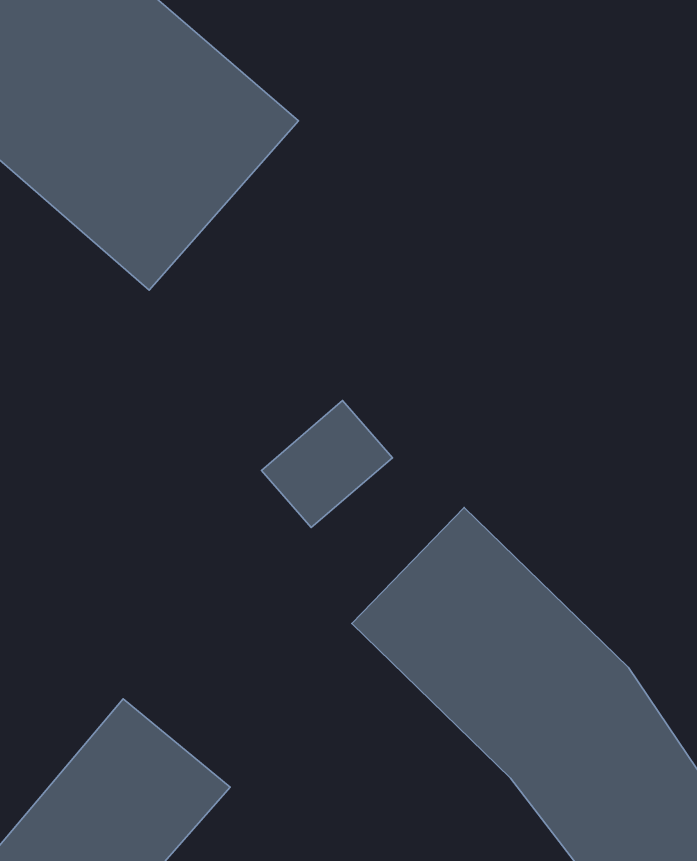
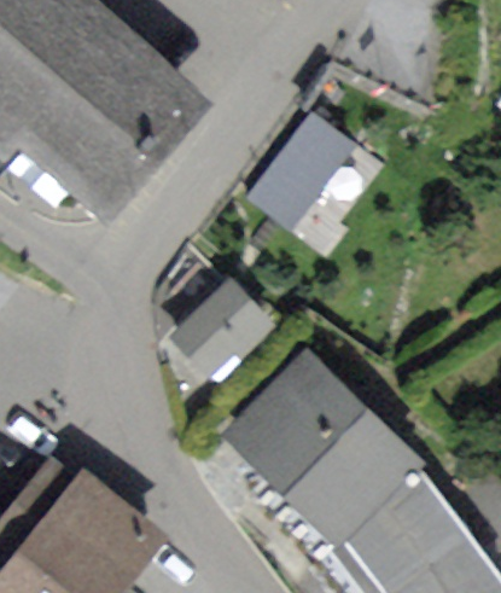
building: none -> [251,115,371,244]

